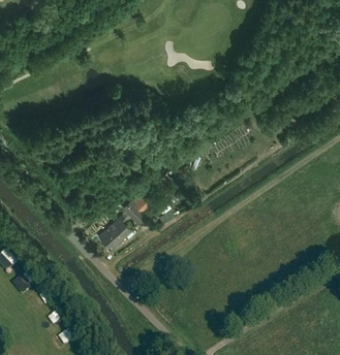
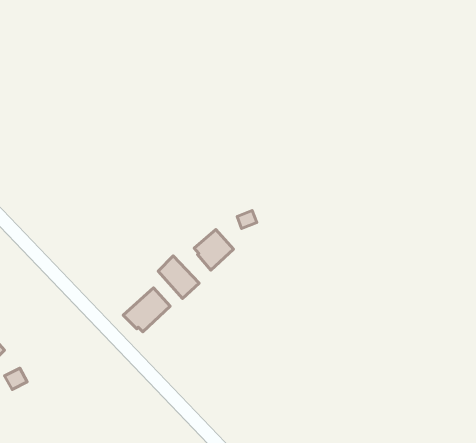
building: none -> [194,230,234,270]

